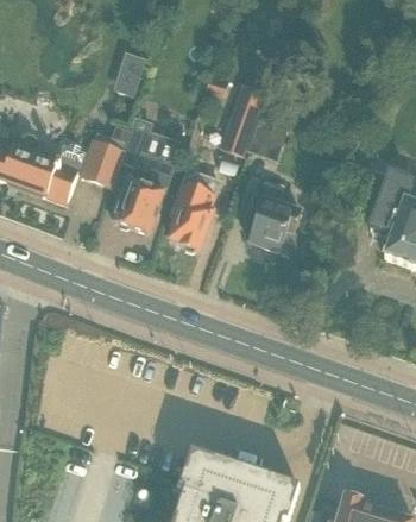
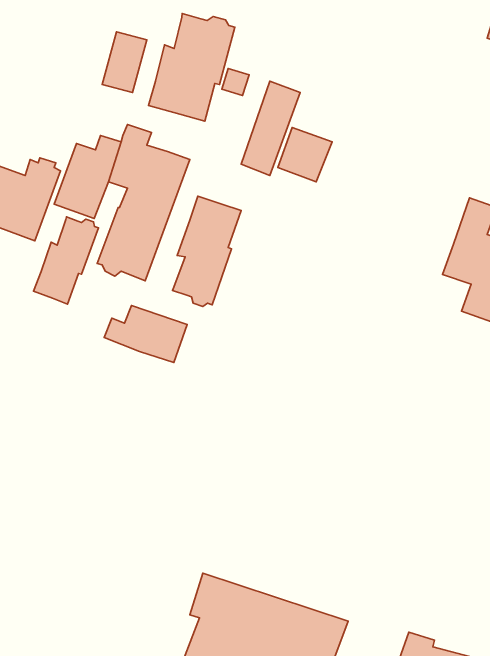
building: none -> [149,14,235,121]
building: [247,177,301,257] -> none
building: none -> [34,217,98,304]
building: none -> [104,305,187,362]

